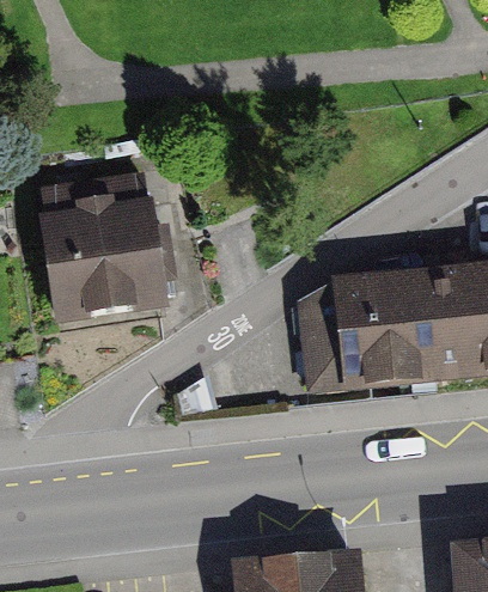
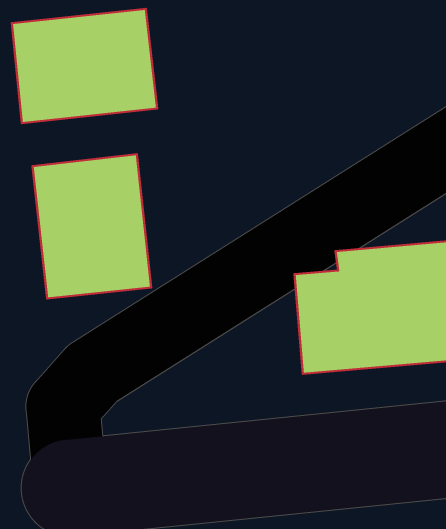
building: none -> [12,9,157,123]

